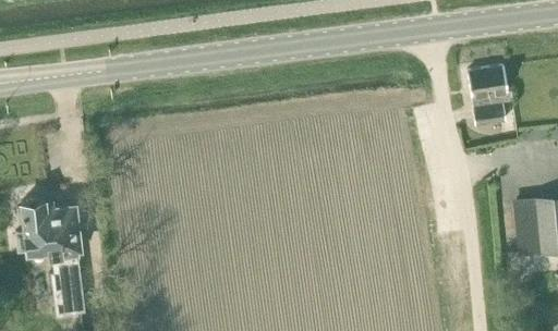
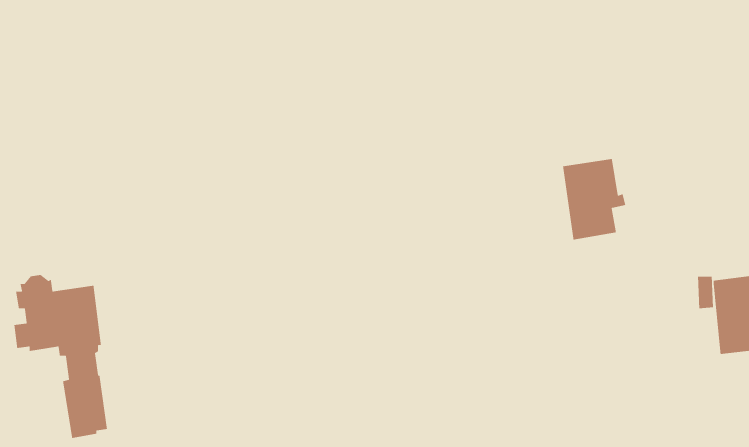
building: [469,69,514,127] -> [562,158,626,240]

